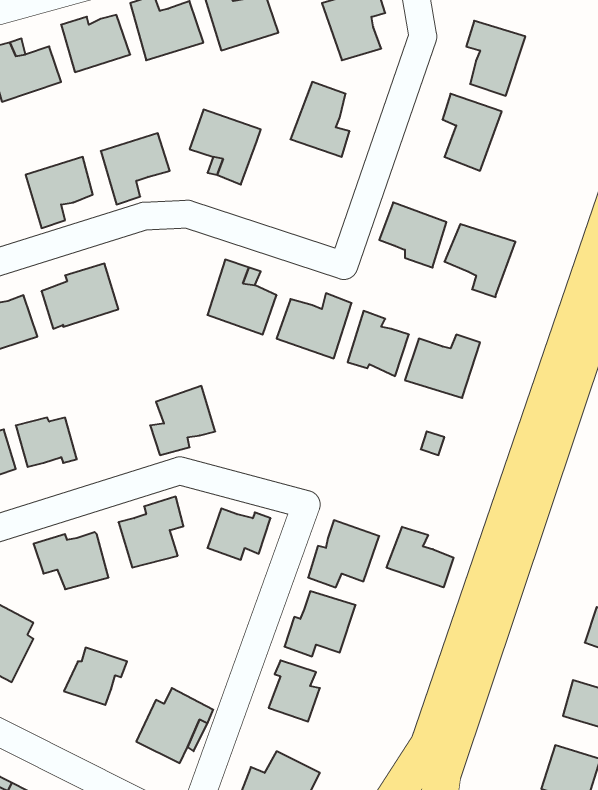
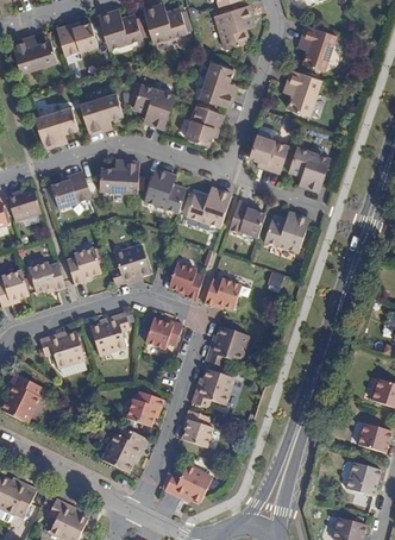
building: none -> [184,105,222,145]
building: none -> [100,161,138,194]
building: none -> [67,250,101,285]
building: none -> [168,264,203,300]
building: none -> [203,278,242,309]
building: [387,527,454,587] -> none
building: [64,648,127,705] -> [125,391,163,426]

